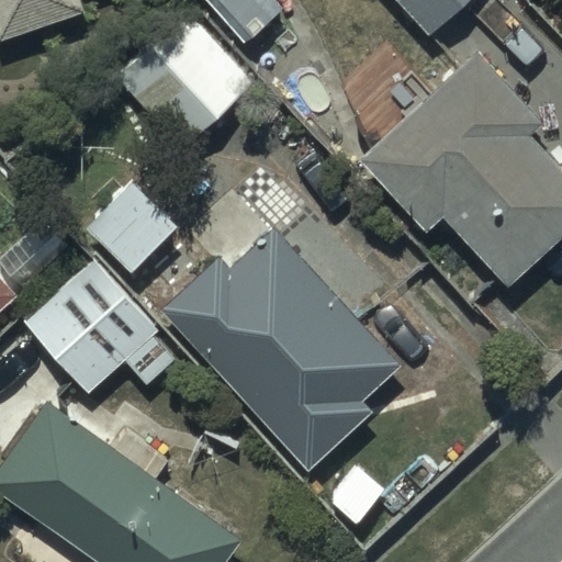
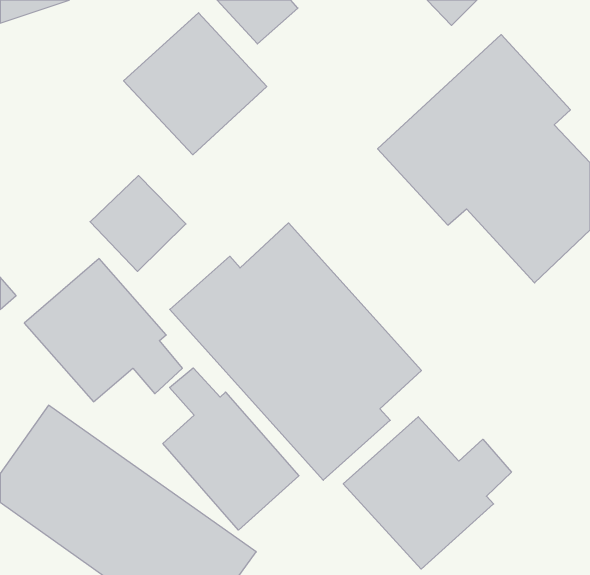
building: none -> [163,368,299,530]
building: none -> [343,417,511,569]

